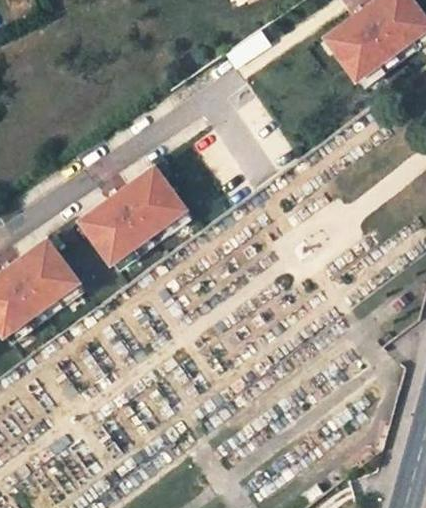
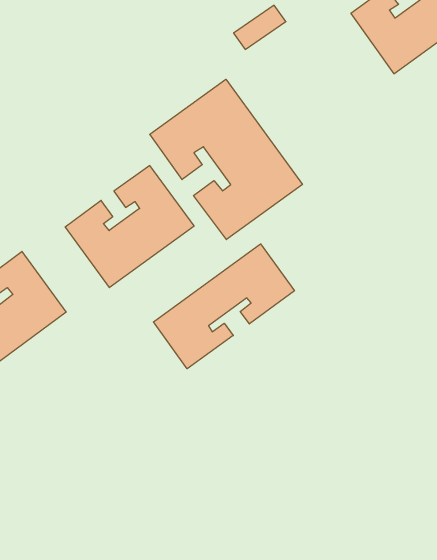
building: none -> [150,79,302,240]
building: none -> [153,244,294,369]

